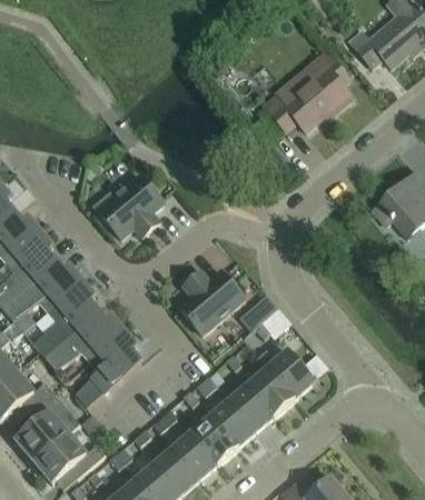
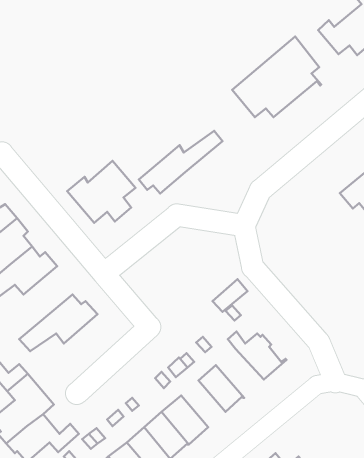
building: none -> [139,131,223,194]
building: [179,271,245,334] -> none
building: [33,282,99,357] -> none
building: [76,331,141,407] -> none
building: [246,367,295,417] -> none
building: [210,399,256,447] -> none

